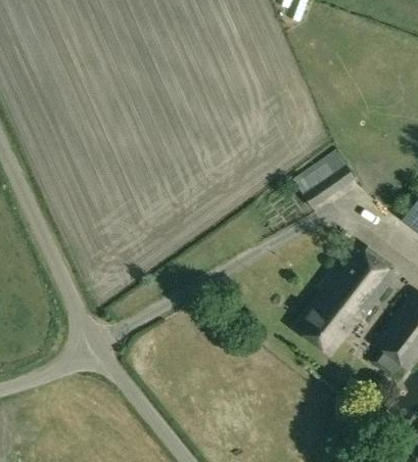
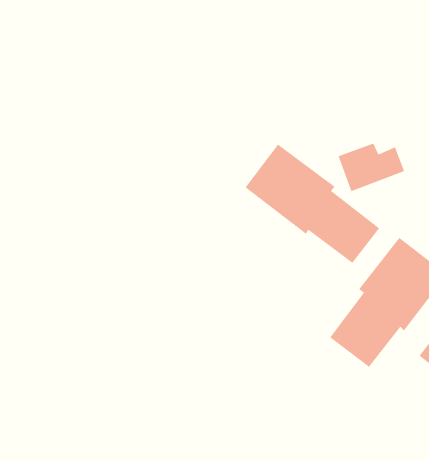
building: none -> [244,143,380,264]

